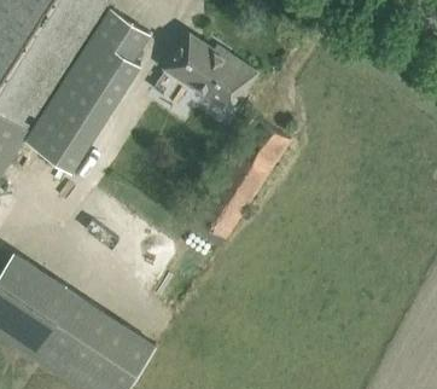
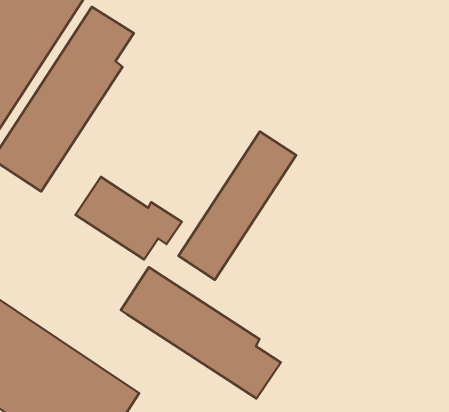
building: [164,34,256,105] -> [75,177,182,260]
building: none -> [121,267,281,398]

